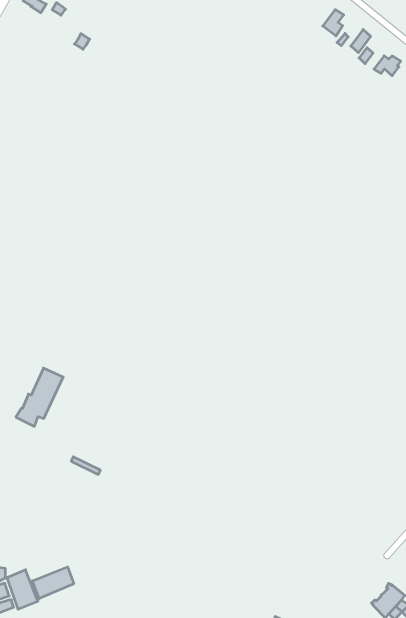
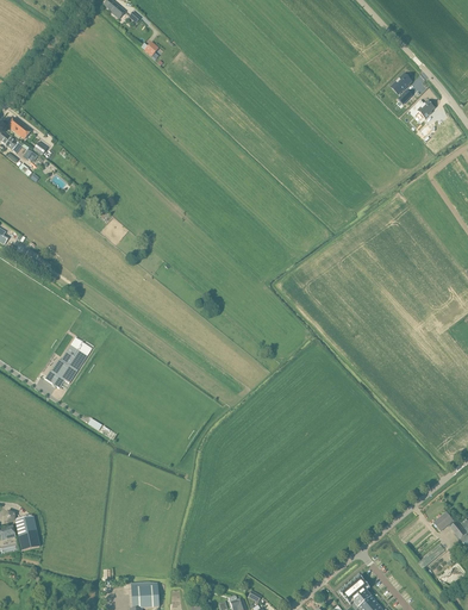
building: [32,567,74,599] -> none

